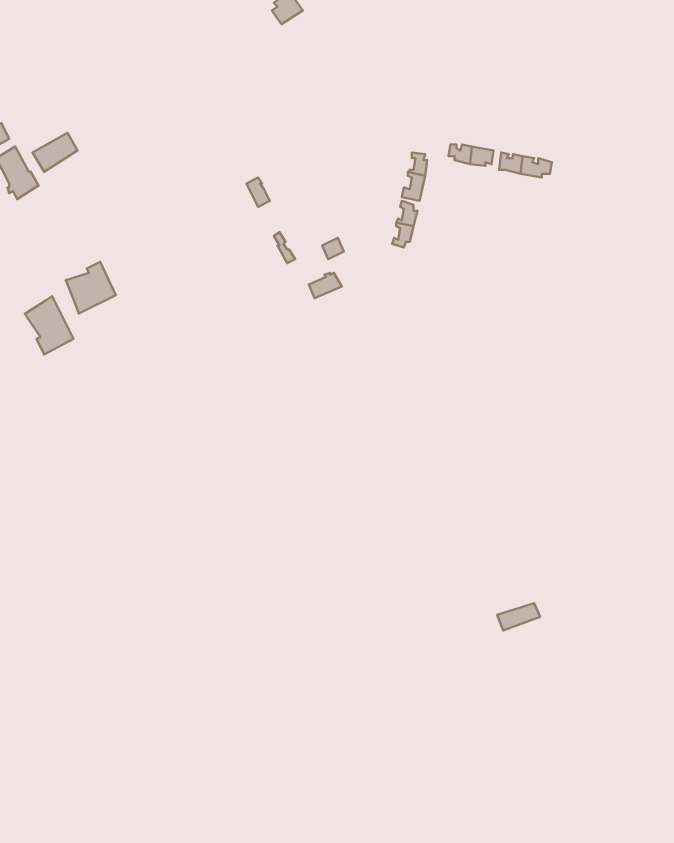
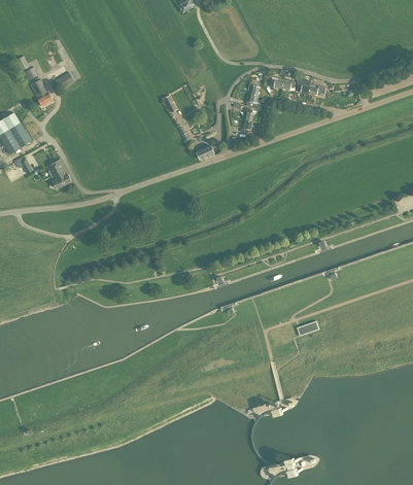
building: [66,262,116,313] -> none

